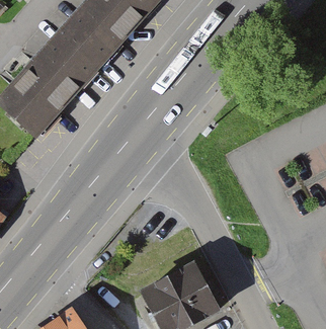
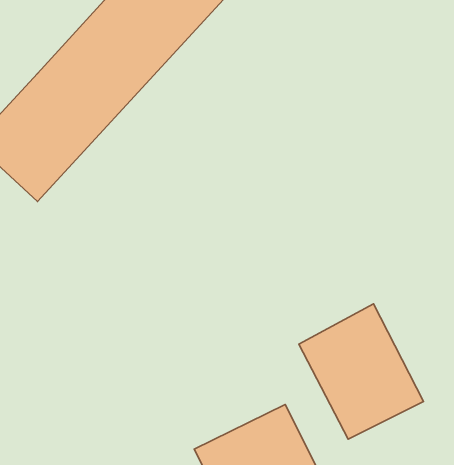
building: none -> [299,304,424,439]

